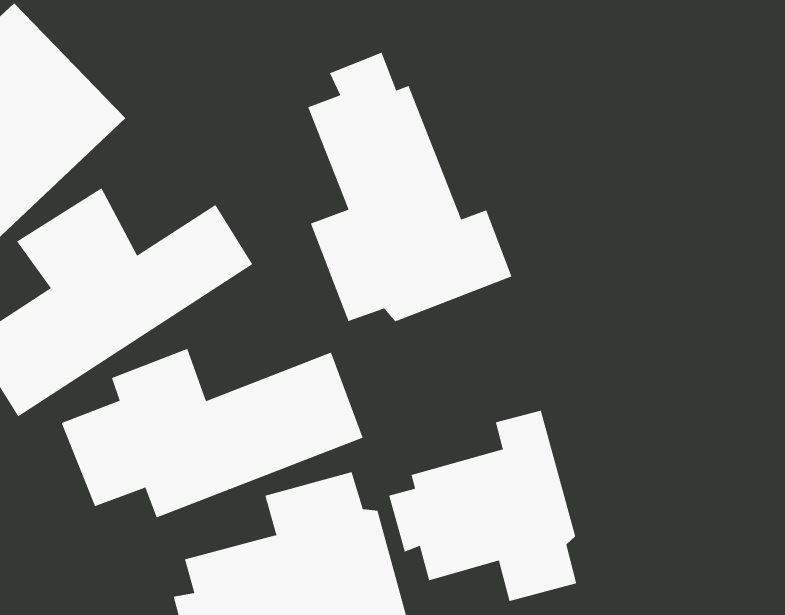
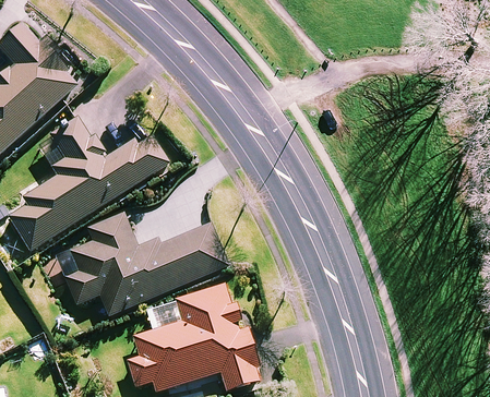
building: [307,52,512,322] -> none
building: [389,410,577,602] -> none

